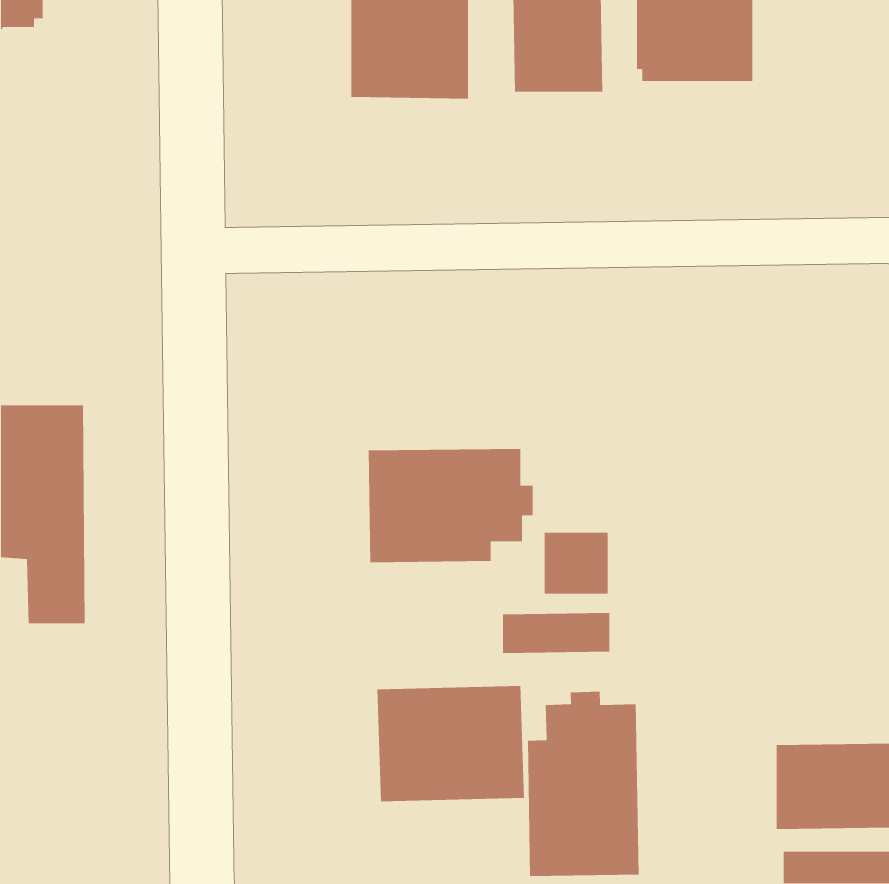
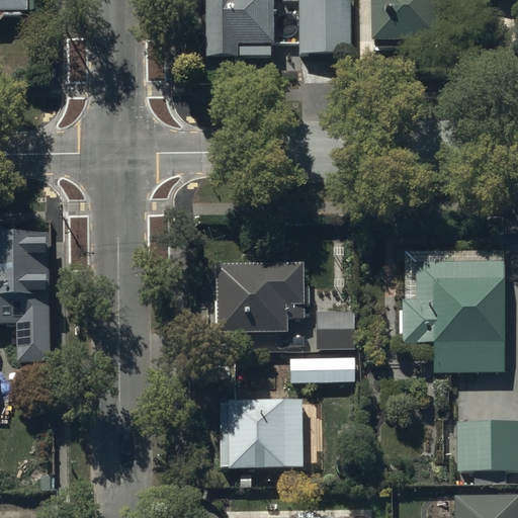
building: none -> [398,254,501,382]
building: [527,691,640,877] -> none

